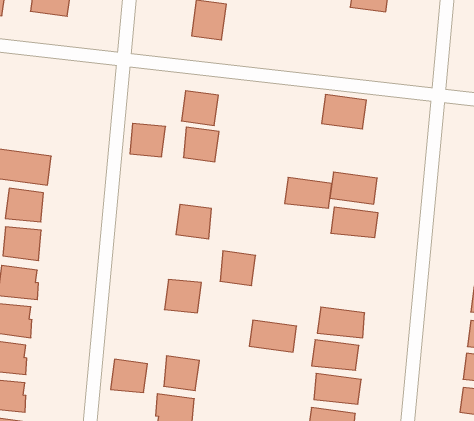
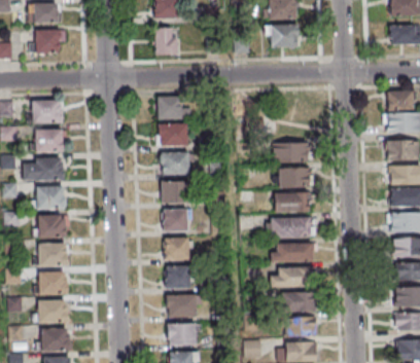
building: none -> [35,102,64,124]
building: [322,95,366,129] -> [269,26,300,47]
building: none -> [37,131,65,152]
building: [130,123,166,157] -> [164,151,188,175]
building: [285,177,332,208] -> [275,192,308,212]
building: [220,251,256,286] -> [163,209,187,231]
building: [249,320,297,352] -> [277,217,310,237]
building: [111,359,147,392] -> [166,266,190,289]

